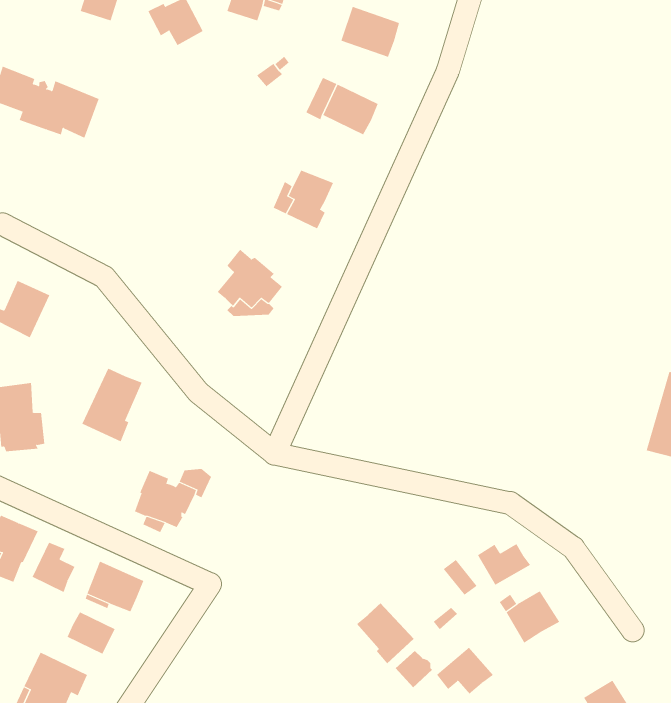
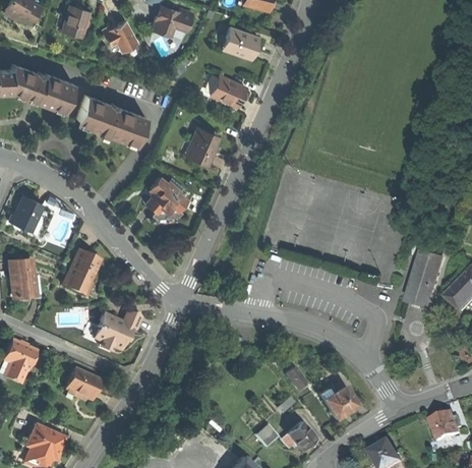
building: none -> [77,96,146,141]
building: [32,542,75,593] -> none
building: [477,543,531,585] -> none
building: [356,603,415,664] -> none
building: [67,612,115,654] -> none

